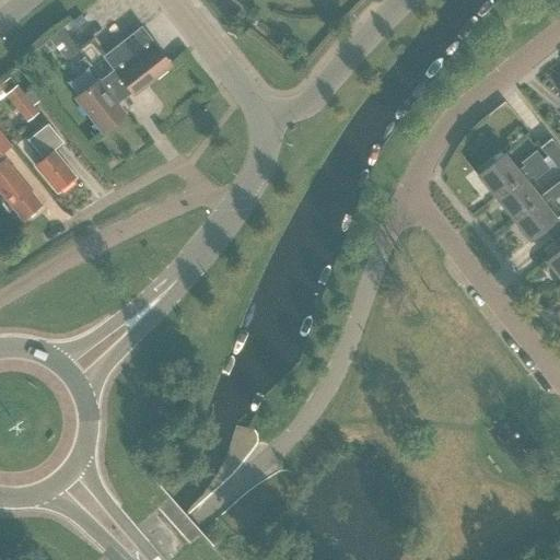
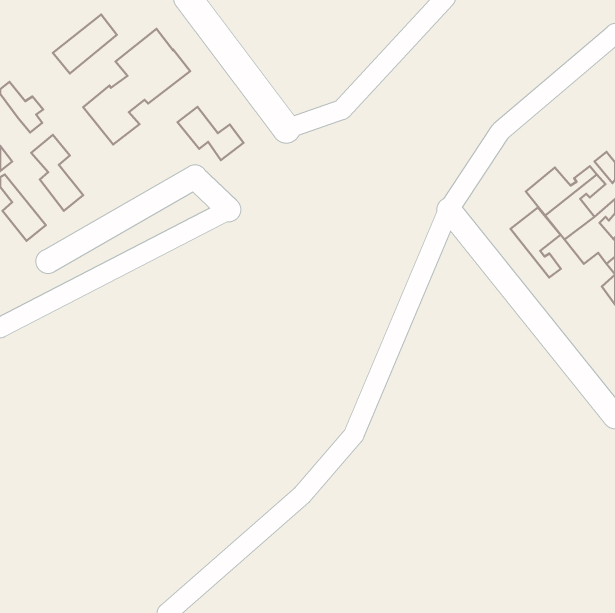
building: none -> [178,107,244,160]
building: none -> [511,207,561,277]

